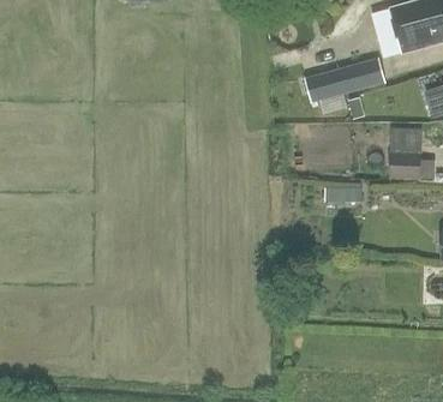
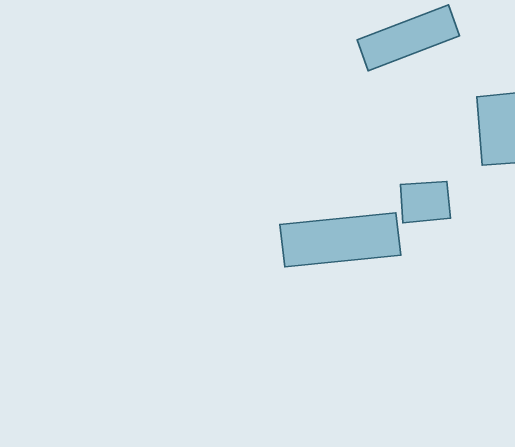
building: none -> [280,213,401,267]

